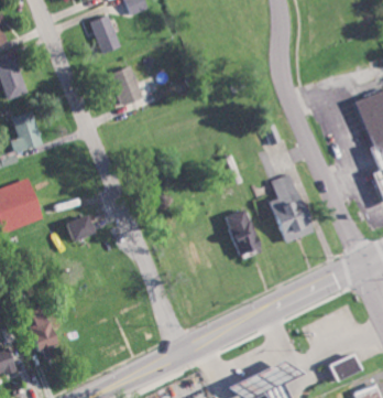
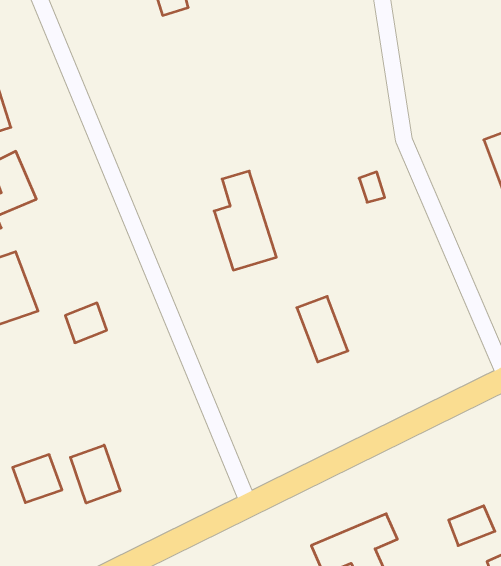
building: [91,14,122,54] -> none
building: [111,65,145,106] -> none
building: [267,174,310,243] -> [214,171,276,270]
building: none -> [70,445,120,503]

